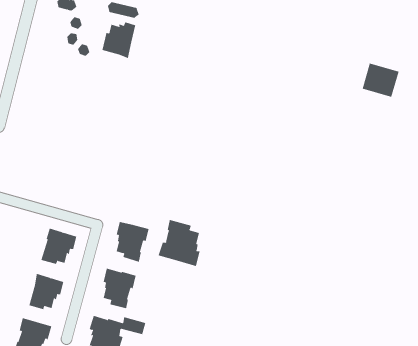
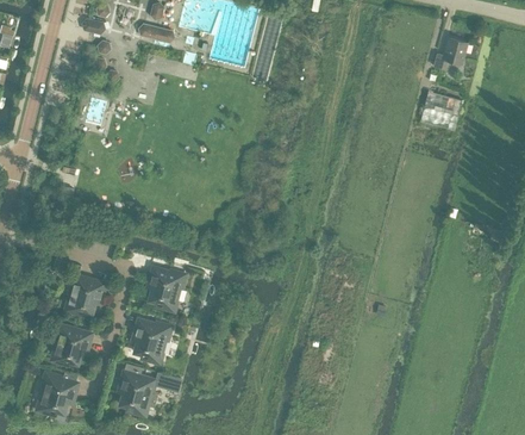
building: none -> [432,37,467,68]
building: [102,22,136,59] -> none
building: [158,219,200,267] -> none

